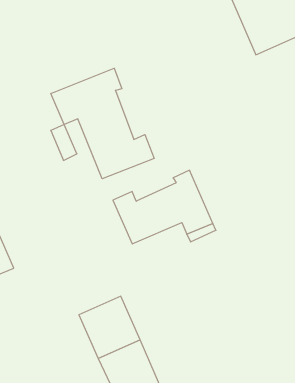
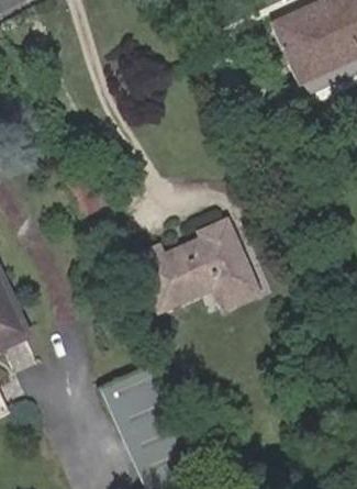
building: [51,68,154,179] -> none

